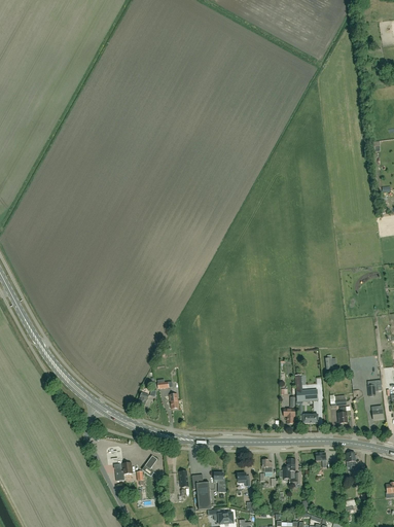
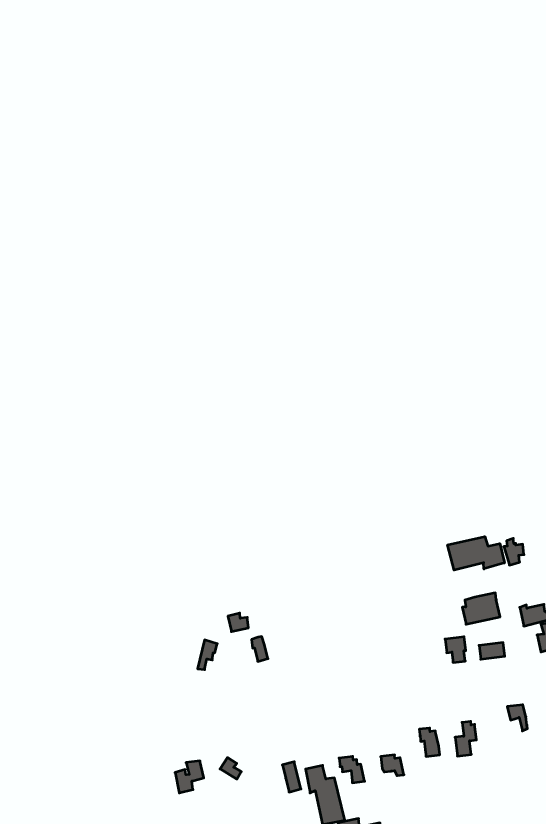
building: none -> [448,537,504,570]

